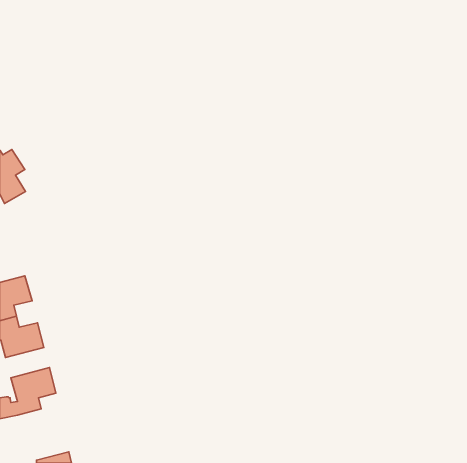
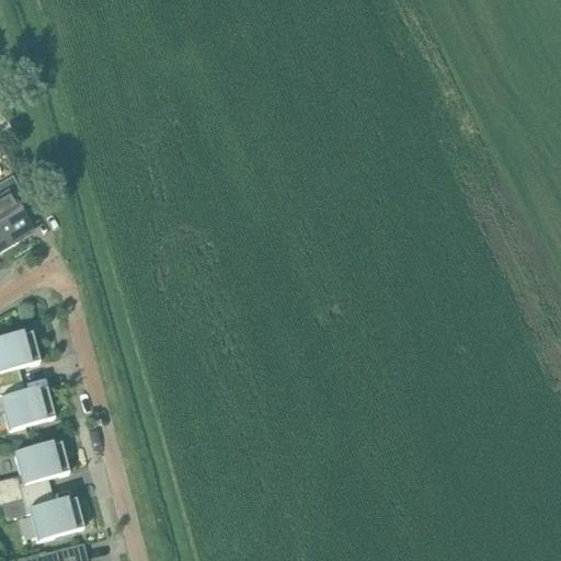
building: none -> [21,489,82,538]

